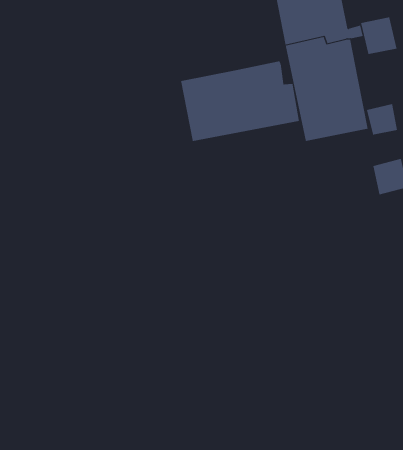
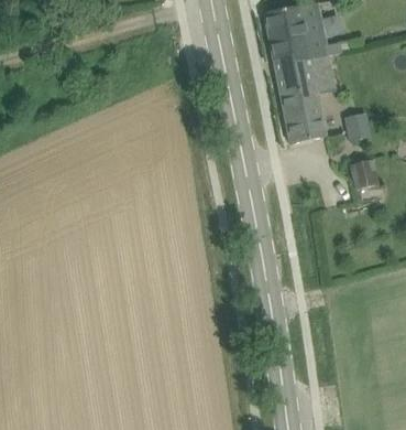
building: [360,17,397,55] -> none
building: [180,60,299,142] -> none

